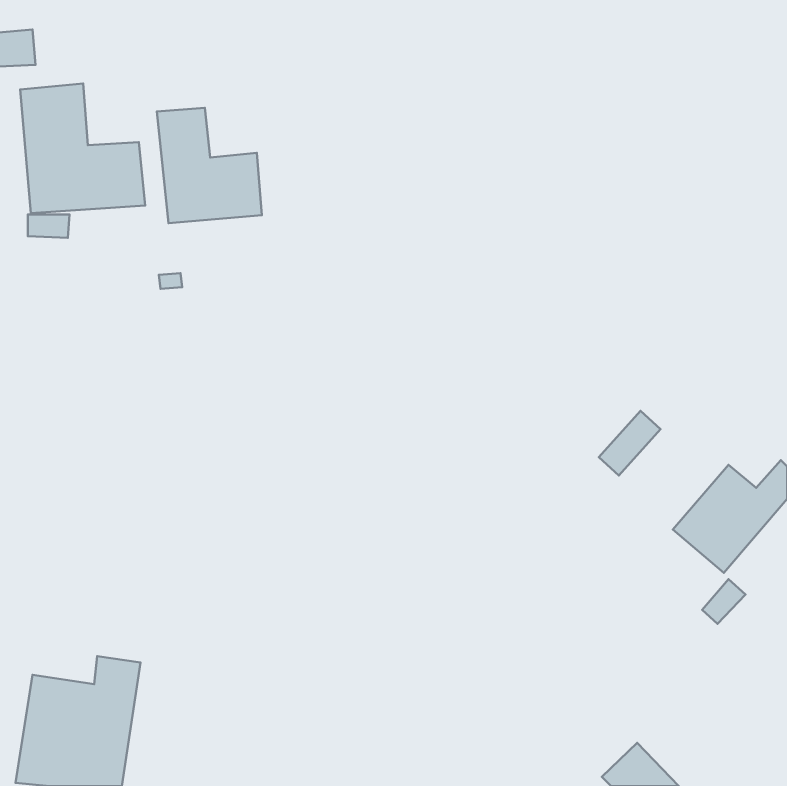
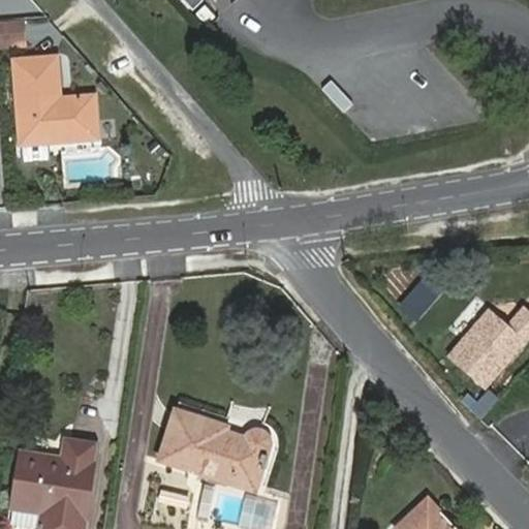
building: [157,108,262,223] -> none
building: none -> [159,409,269,489]

